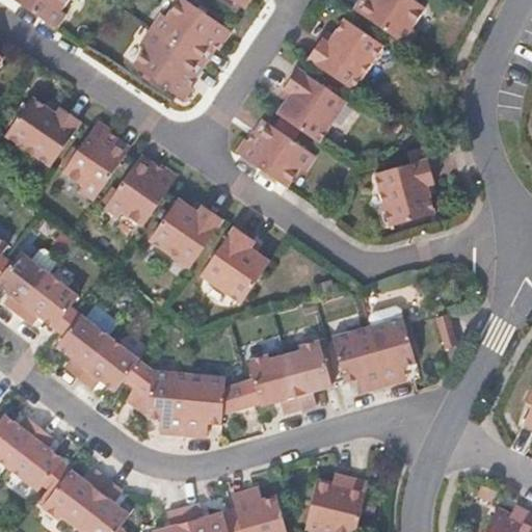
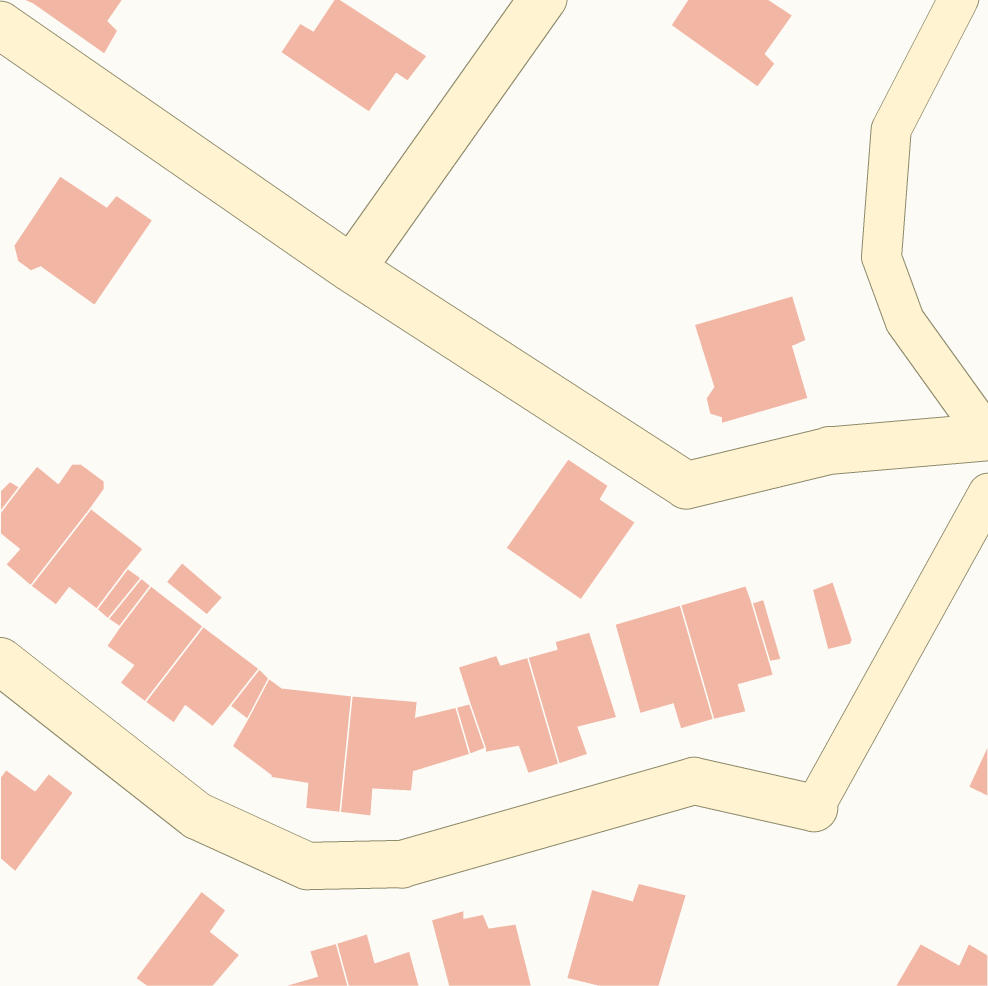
building: [309,19,385,91] -> none
building: [133,28,198,100] -> none
building: [275,68,346,143] -> none
building: [63,122,128,201] -> none
building: [236,123,316,187] -> none
building: [105,159,177,225] -> none
building: [149,195,223,267] -> none
building: [201,227,270,302] -> [506,459,635,600]
building: [8,426,62,491] -> none
building: [42,469,108,526] -> none

